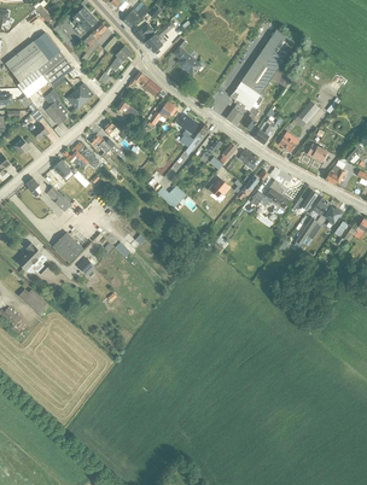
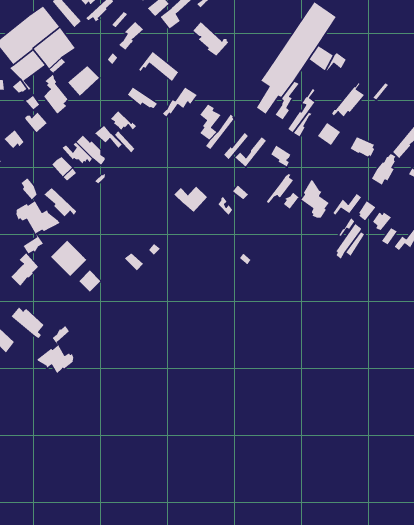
building: none -> [16,200,61,255]
building: none -> [36,325,74,374]

